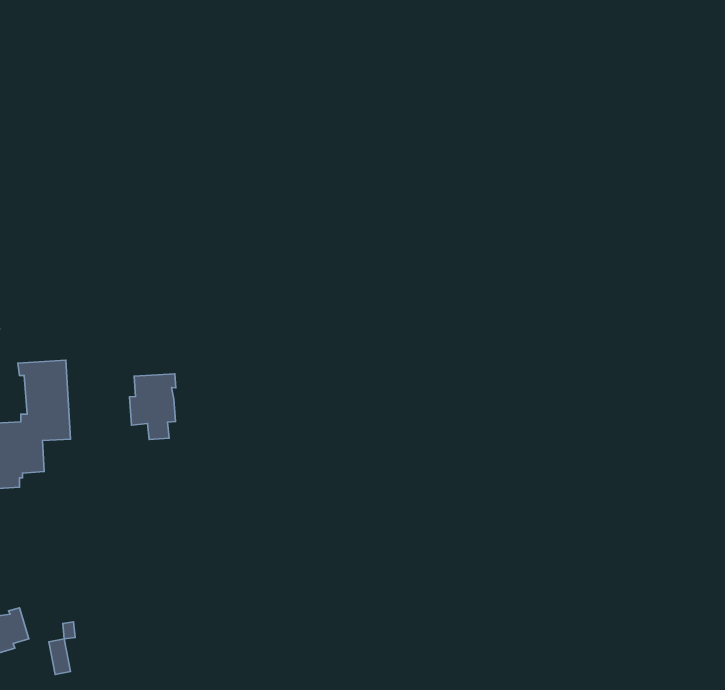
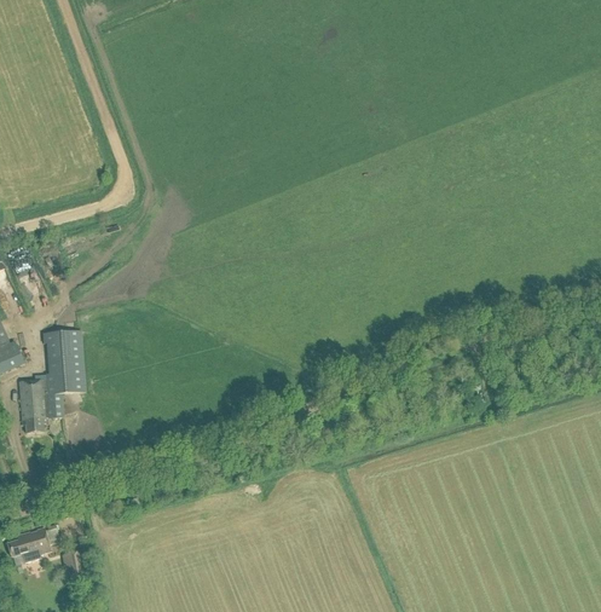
building: [129,374,176,439] -> none

